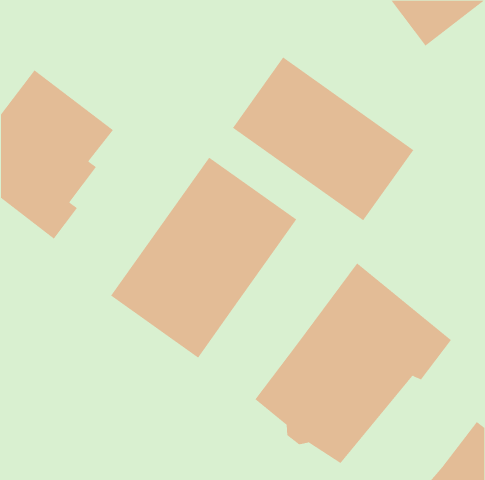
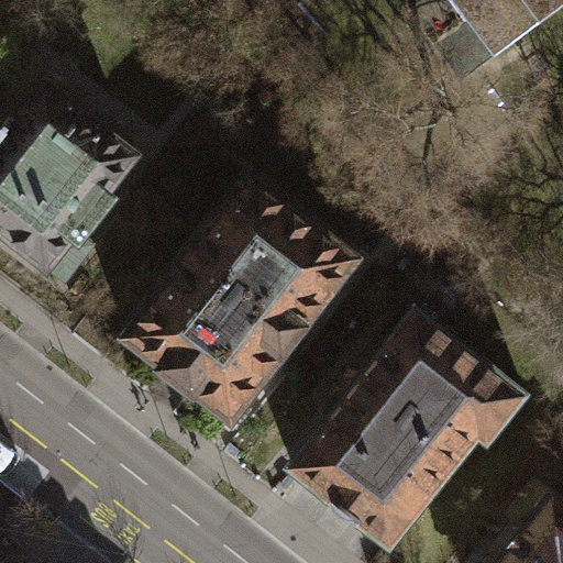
building: [232,57,414,221] -> none

